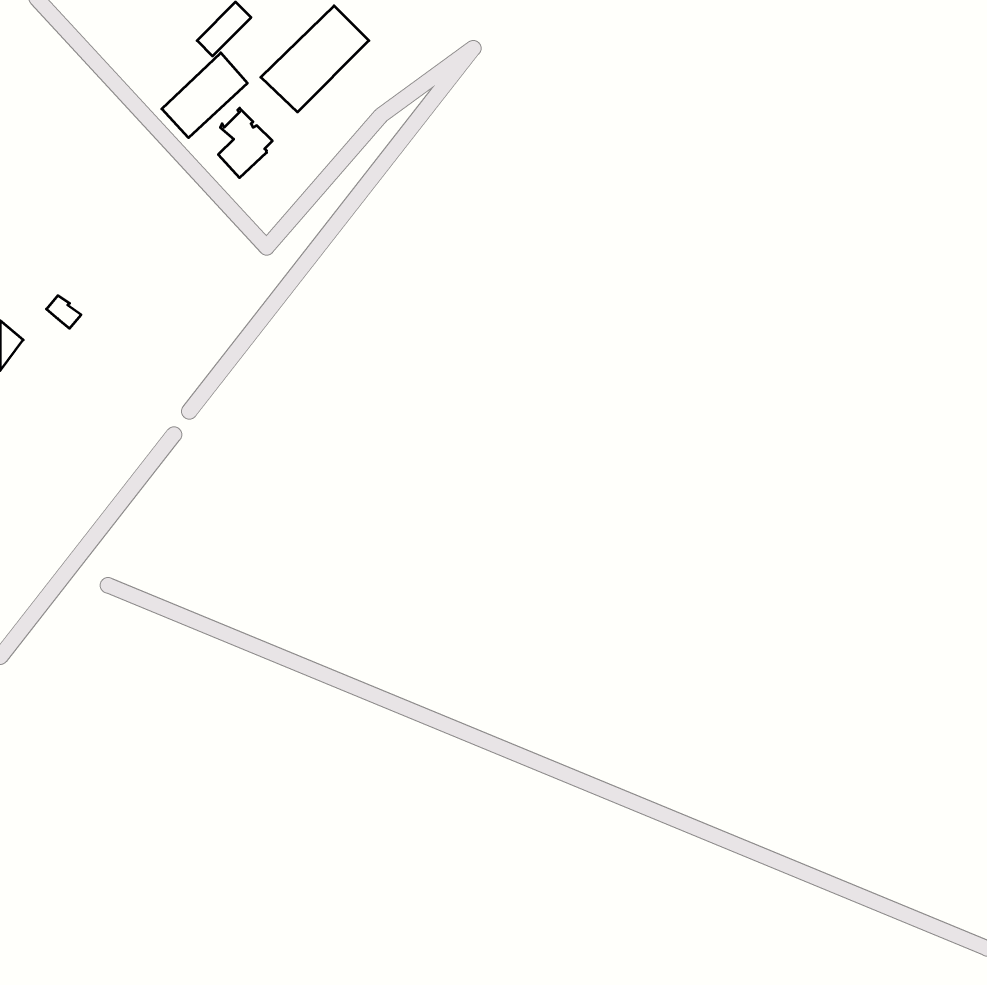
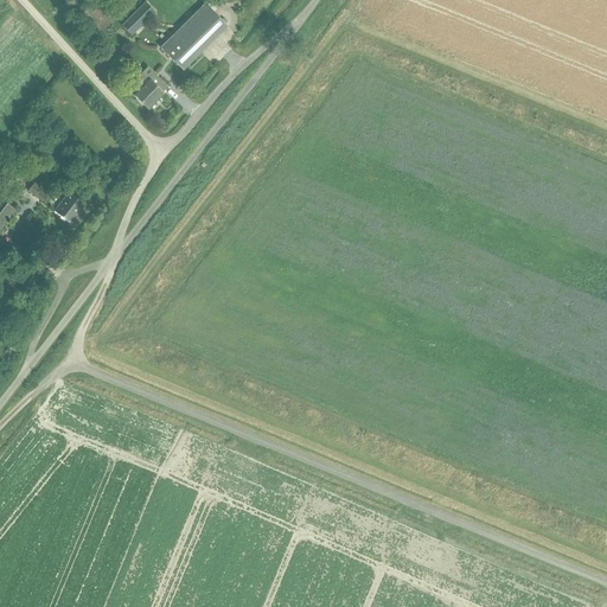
building: [162,53,247,138] -> none
building: none -> [53,191,85,223]

